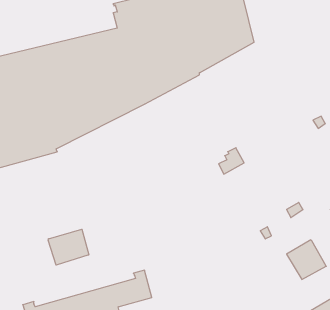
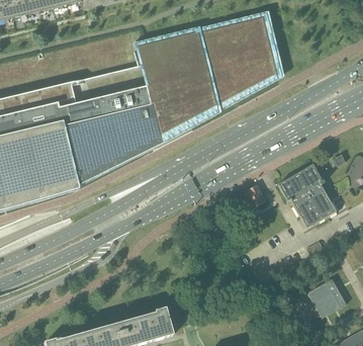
building: none -> [279,162,338,226]
building: [48,229,89,265] -> none

